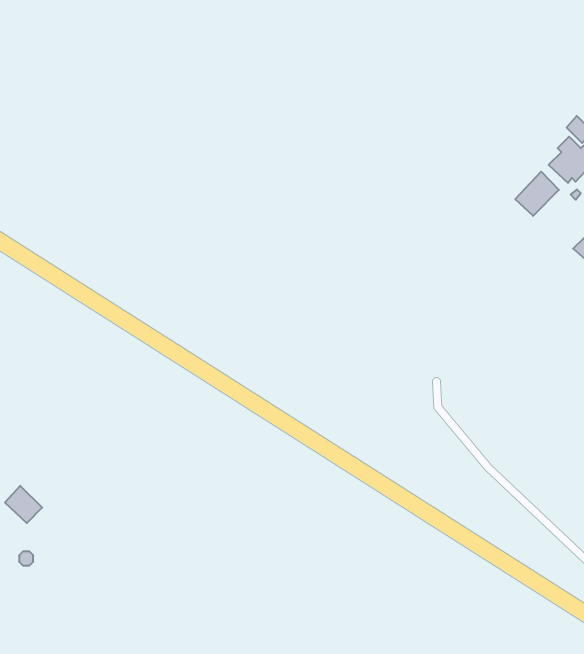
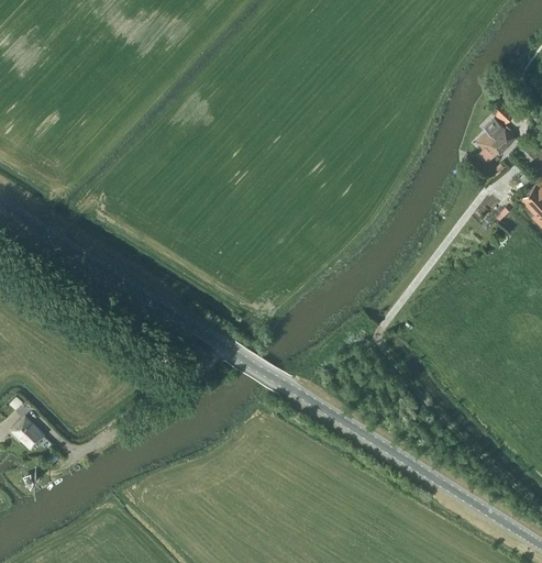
building: [515,172,559,216] -> none

